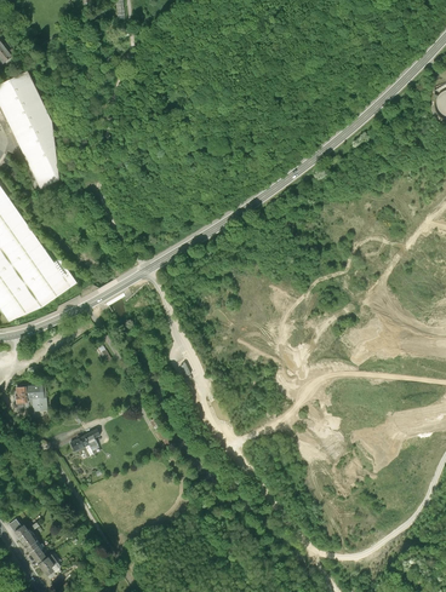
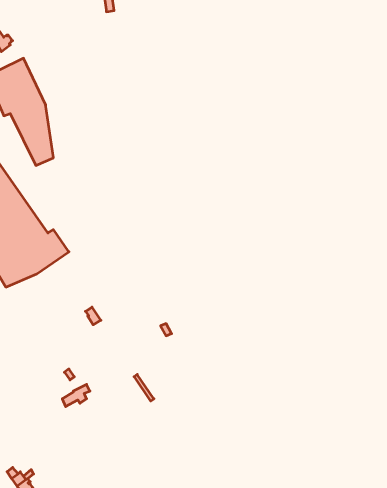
building: [15,385,46,412] -> none

